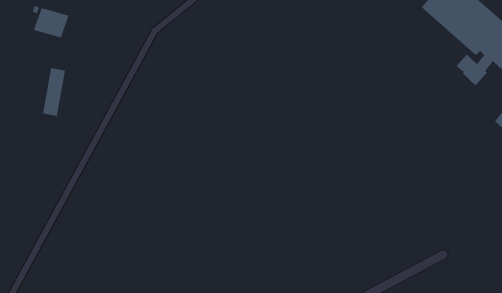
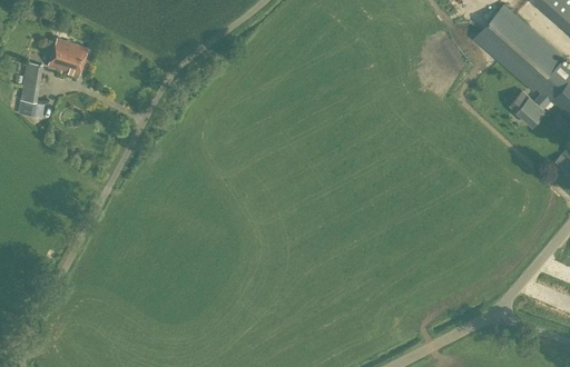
building: [42,67,66,117] -> [18,62,43,117]

